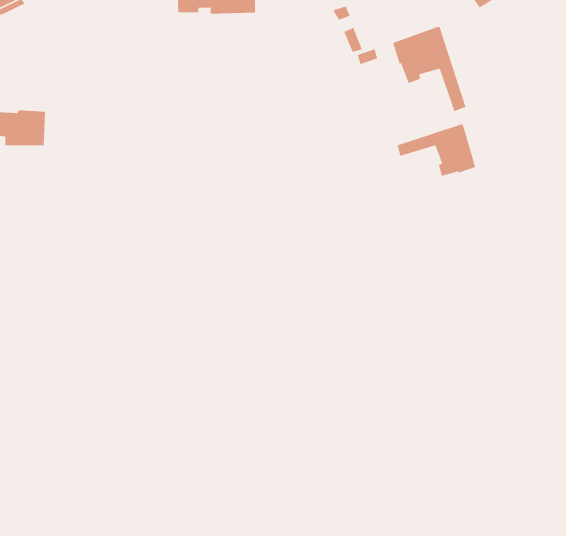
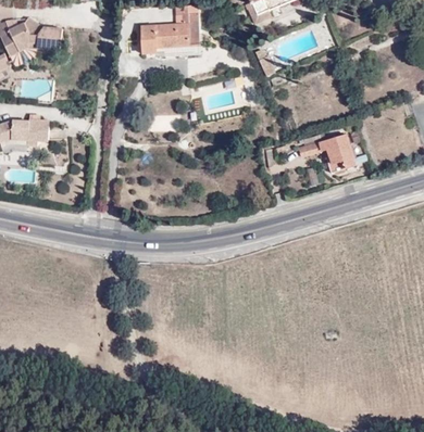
building: [392,26,467,112] -> none

